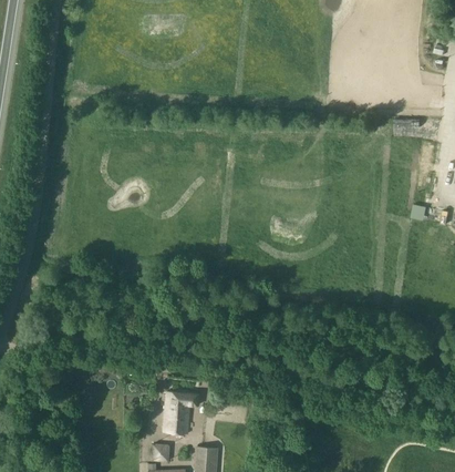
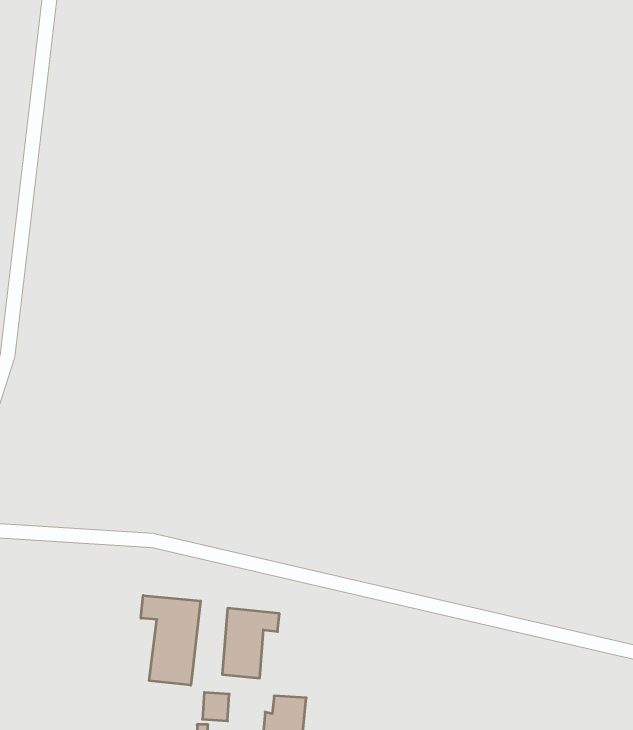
building: none -> [141,595,201,685]

